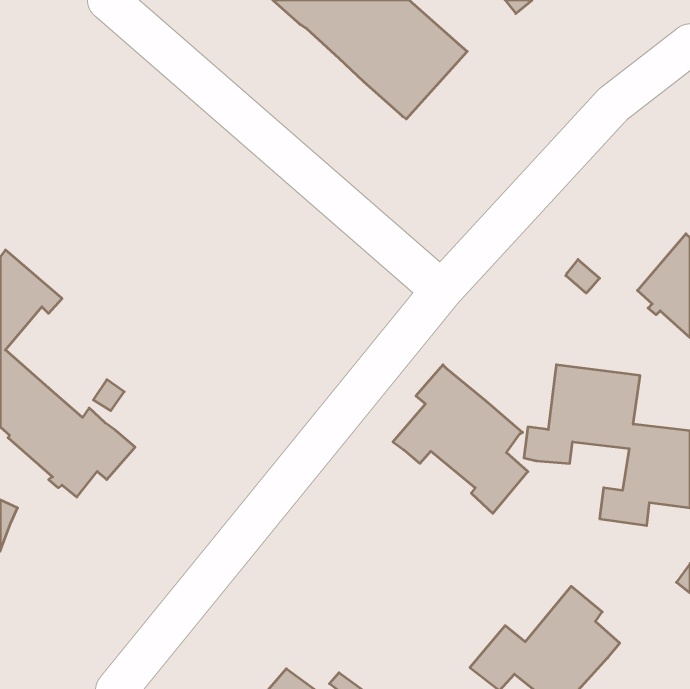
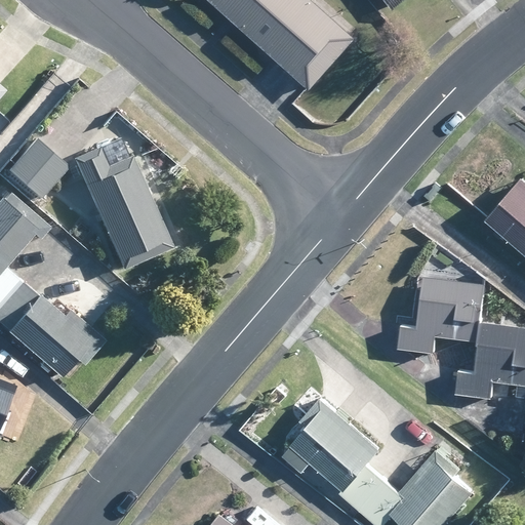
building: none -> [7,139,67,199]
building: none -> [72,148,169,271]
building: [393,365,528,513] -> [281,395,383,508]

